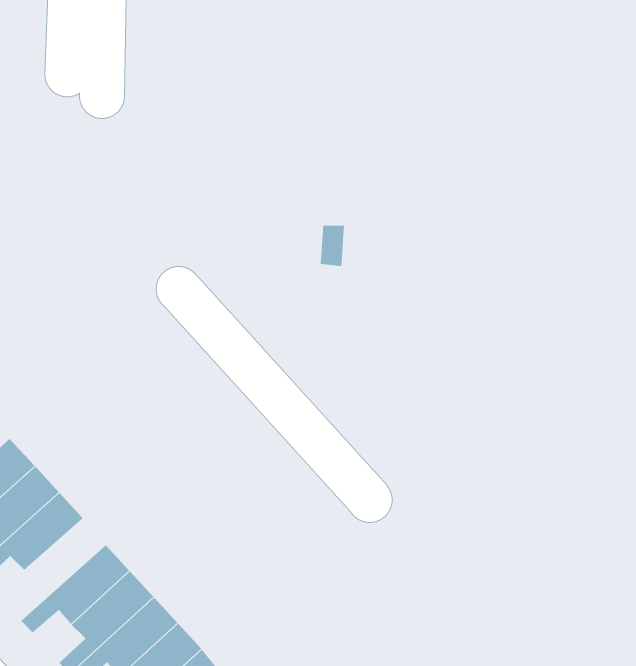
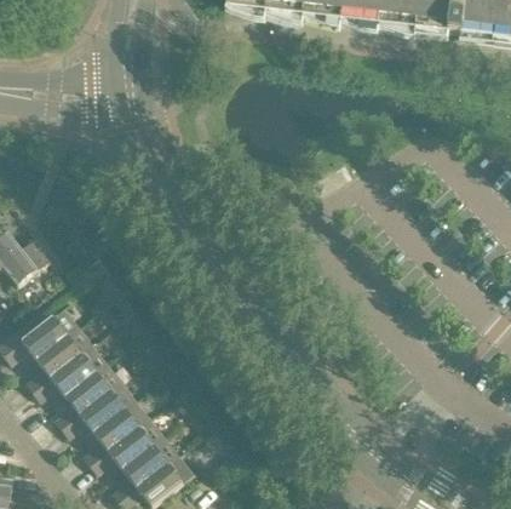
building: none -> [52,361,117,425]

